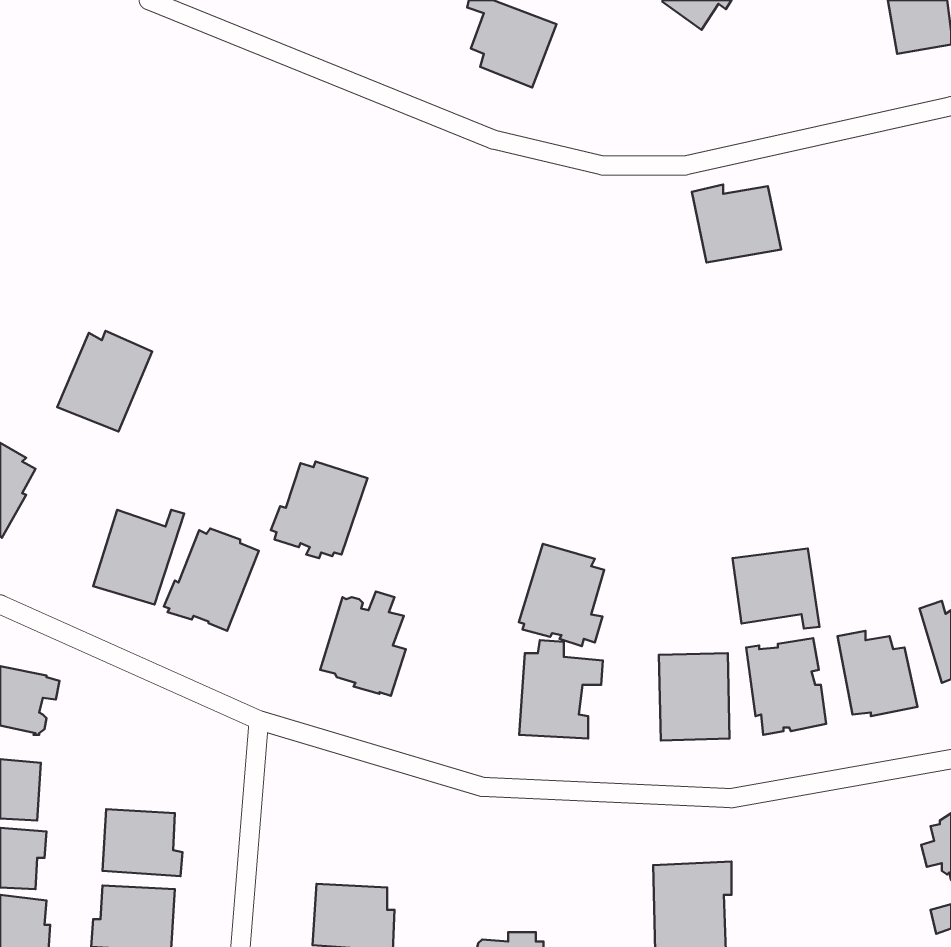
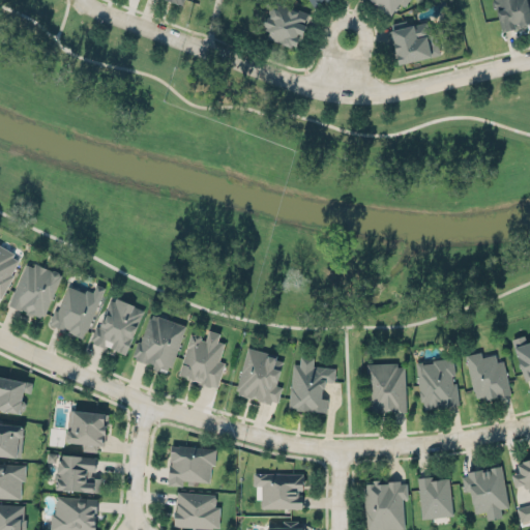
building: [692,184,781,263] -> [389,22,439,65]
building: [57,331,152,431] -> [9,261,62,317]
building: [271,461,368,558] -> [134,314,187,367]
building: [519,544,604,646] -> [235,346,283,403]
building: [733,548,820,629] -> none
building: none -> [66,412,106,453]
building: none -> [168,446,216,488]
building: none -> [462,465,509,520]
building: none -> [253,474,303,510]
building: none -> [418,478,451,520]

